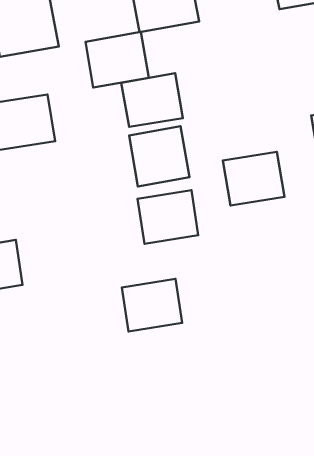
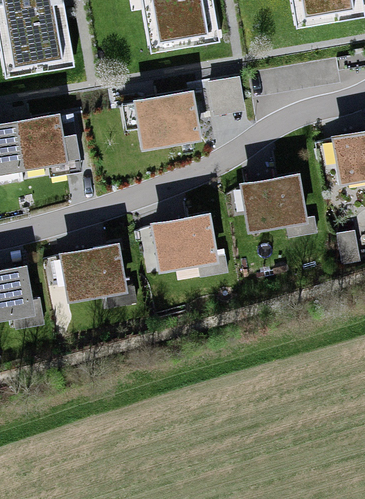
building: [86,32,149,88] -> none
building: [129,126,189,186] -> none
building: [122,279,182,331] -> [63,245,126,300]

